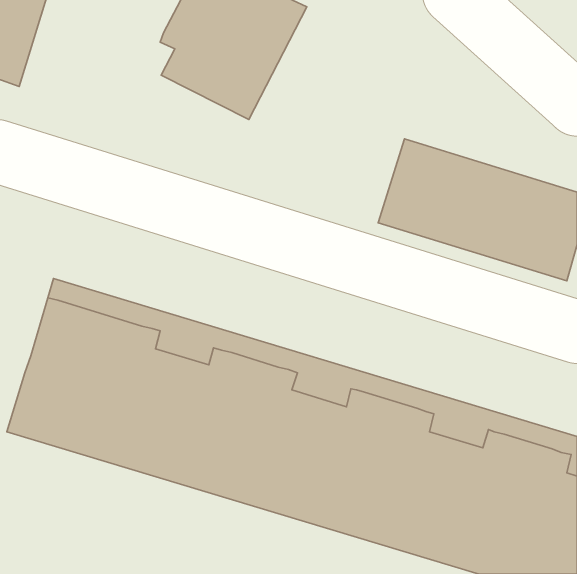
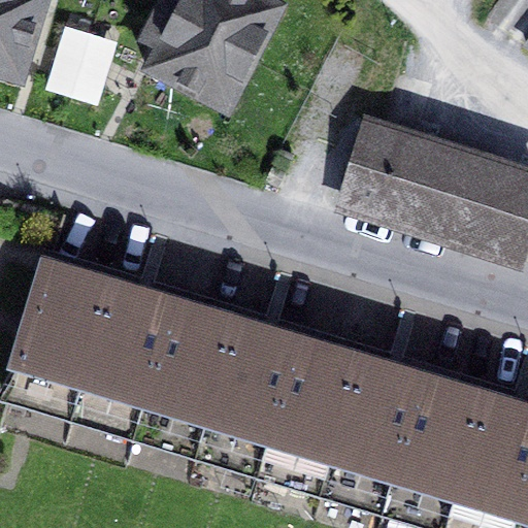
building: none -> [56,15,124,94]

